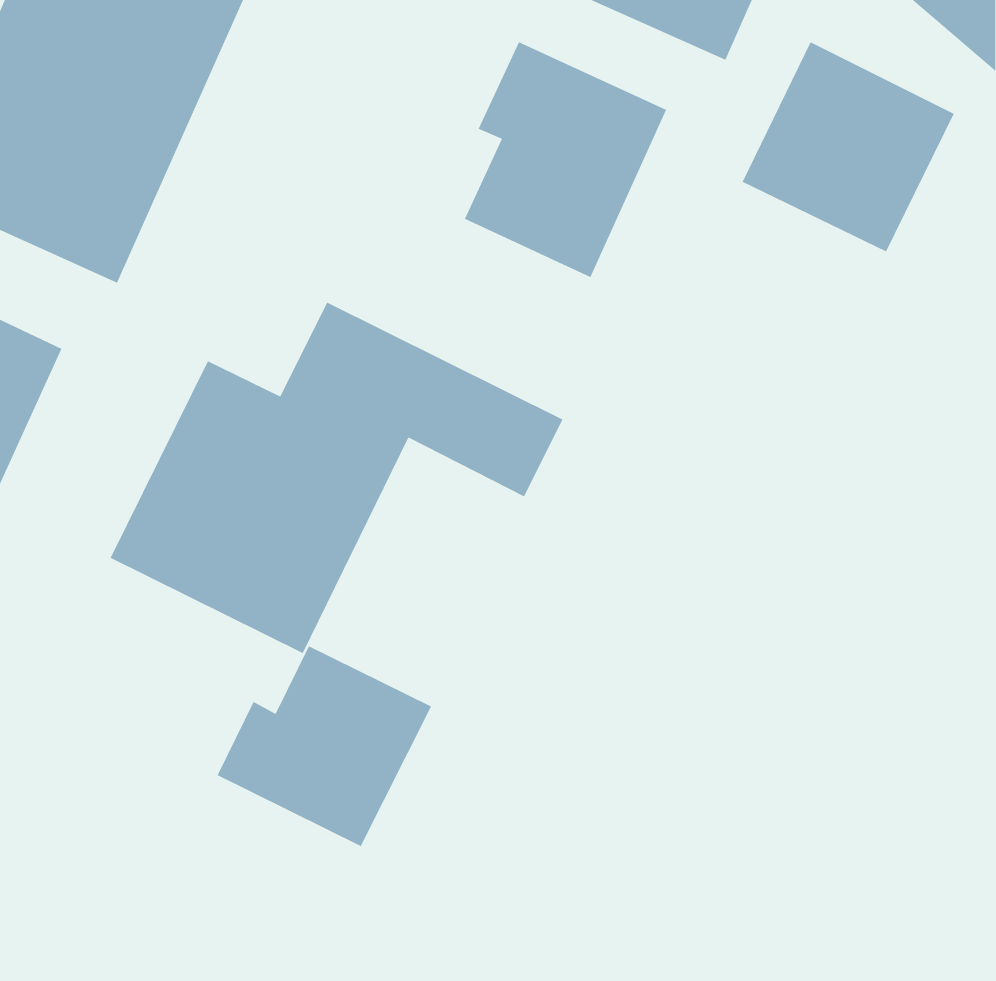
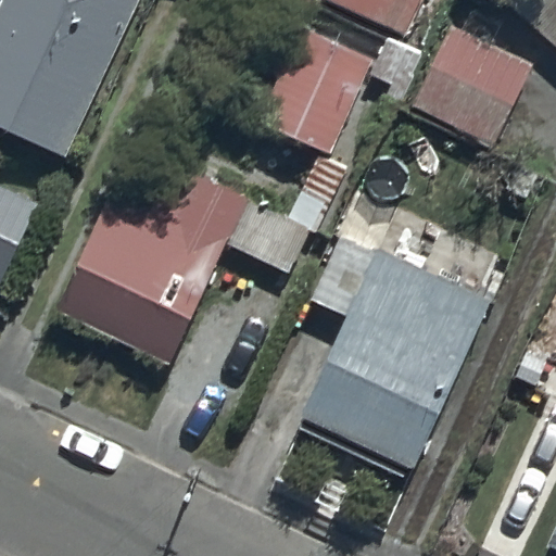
building: none -> [302,250,491,467]
building: [217,645,432,847] -> none

